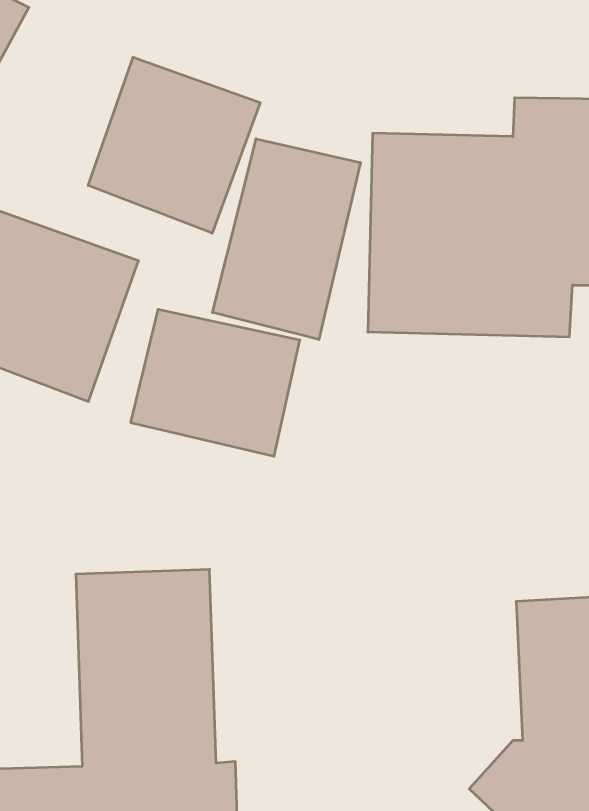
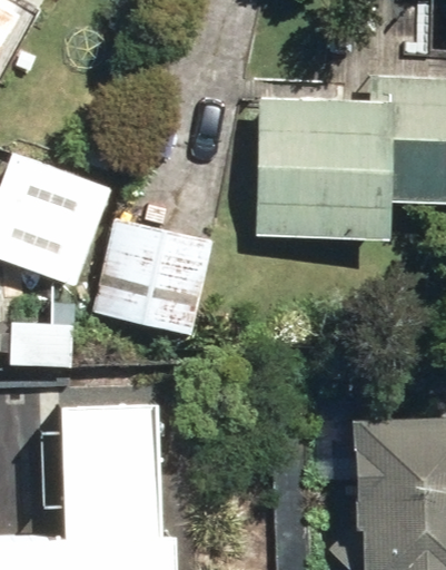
building: [88,57,260,233] -> none
building: [212,139,360,340] -> none

